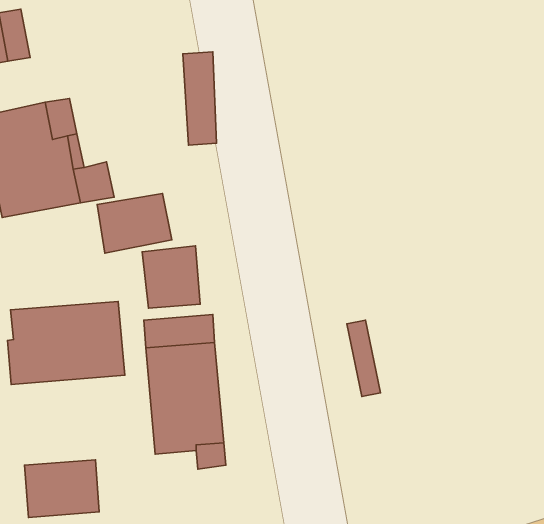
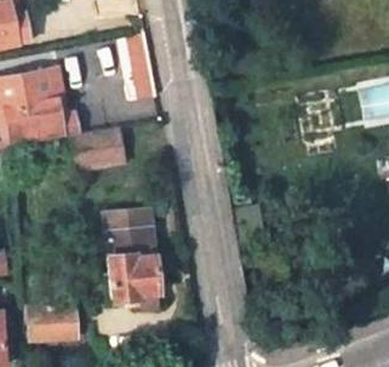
building: [142,246,200,308] -> none
building: [8,302,125,385] -> none

